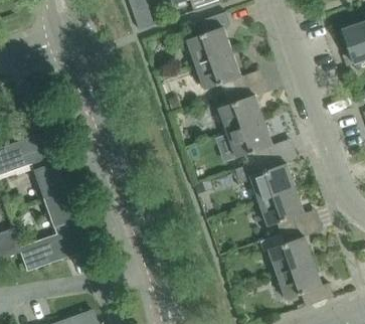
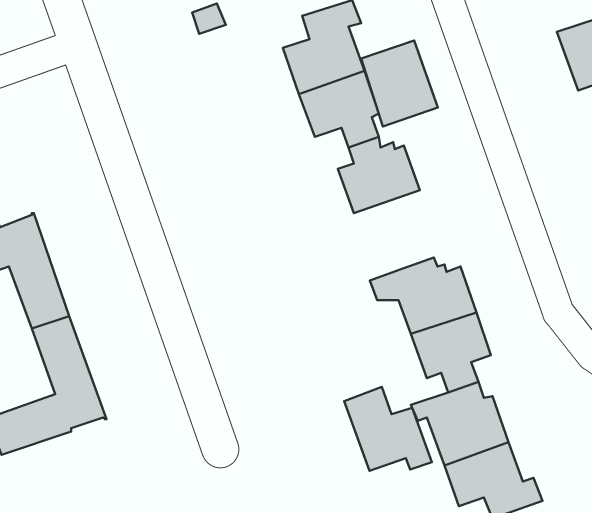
building: none -> [361,40,438,127]
building: [226,120,272,164] -> none
building: none -> [344,387,432,471]

